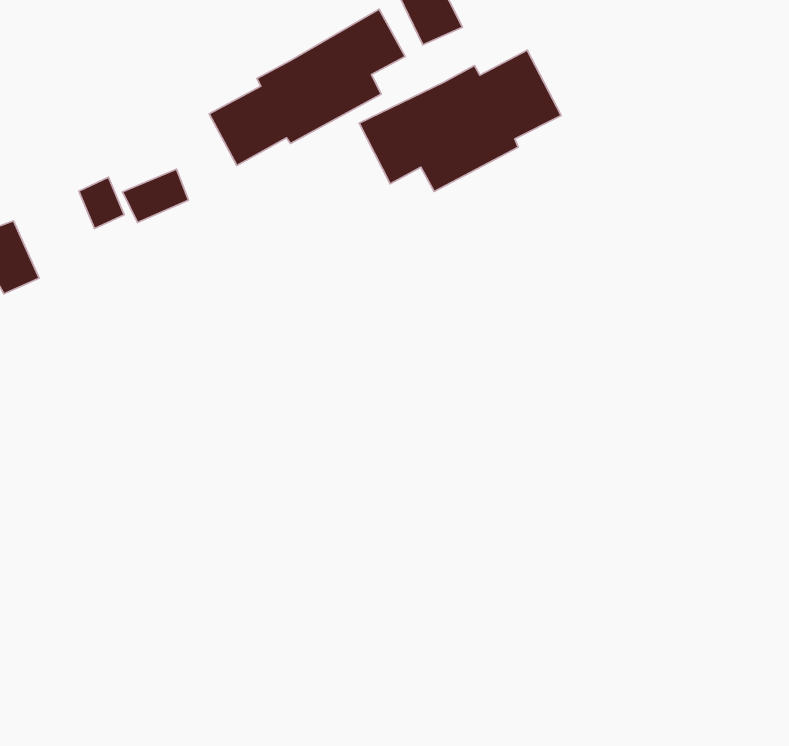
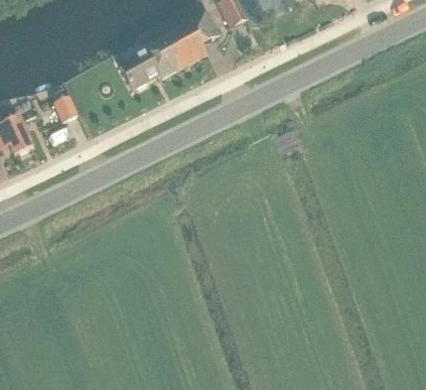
building: [359,50,561,192] -> none
building: [123,169,189,222] -> none

